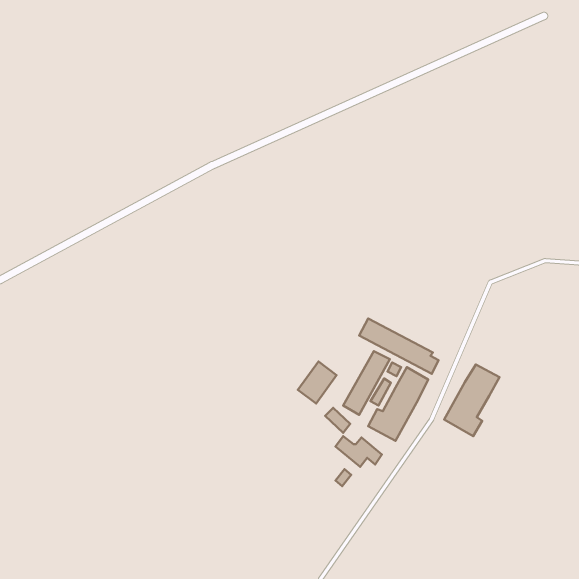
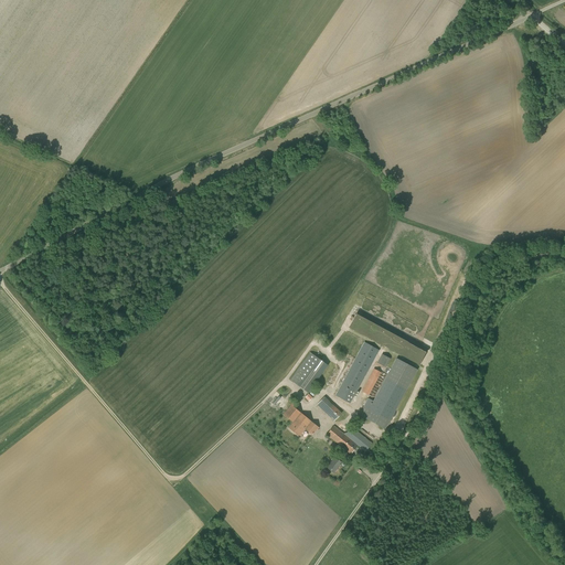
building: [444,364,500,436] -> none
building: none -> [282,401,319,437]

